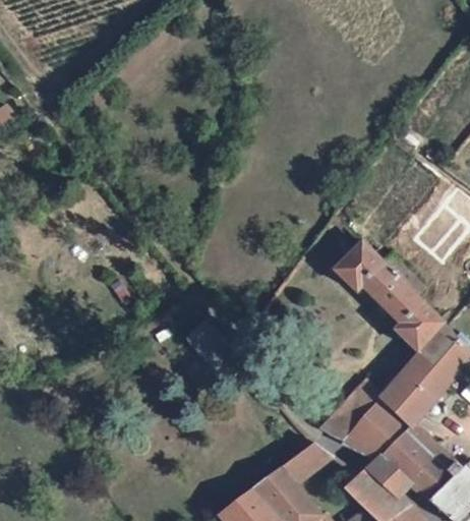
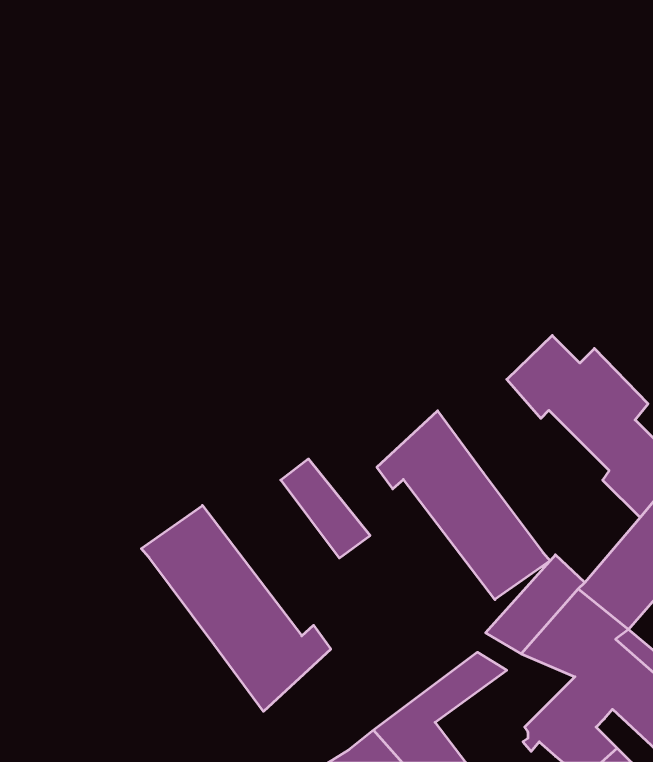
building: none -> [377,411,550,600]
building: none -> [141,505,331,711]

